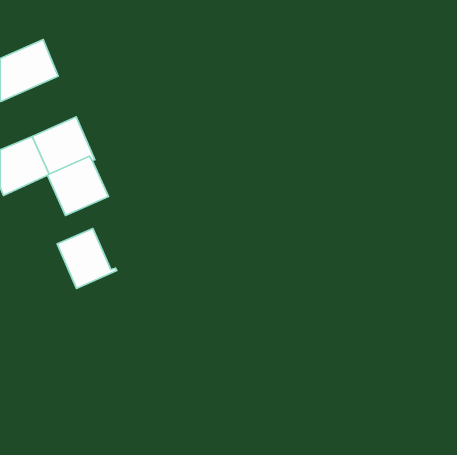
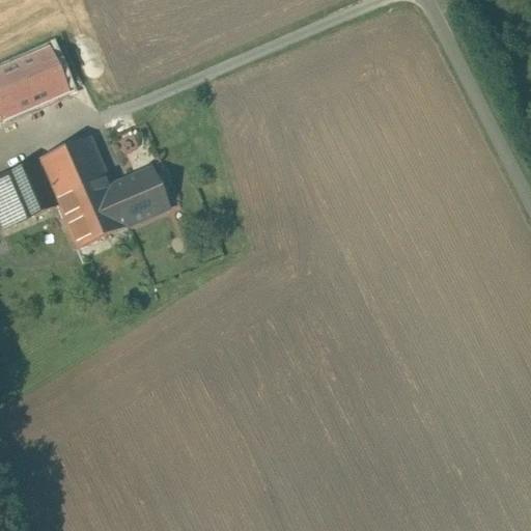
building: none -> [108,167,169,227]
building: [57,229,117,289] -> none

